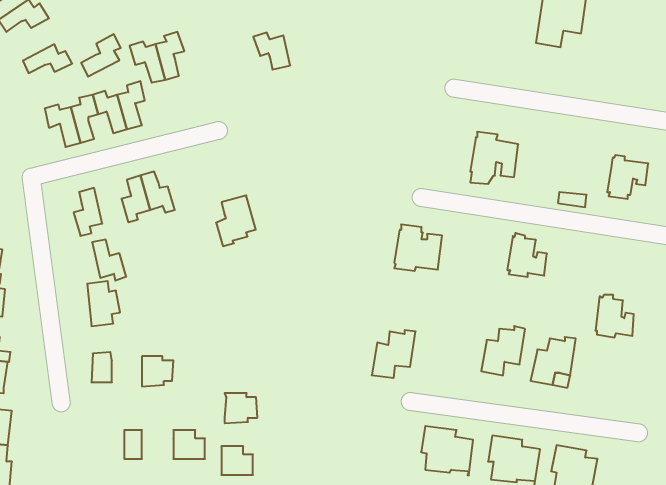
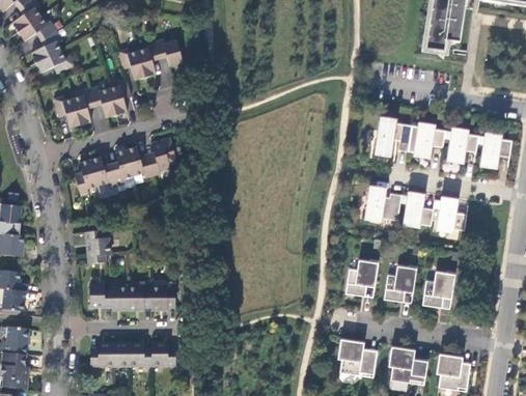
building: [253,33,290,70] -> [154,37,182,65]
building: [81,34,121,77] -> [31,30,61,62]
building: none -> [409,124,446,157]
building: none -> [447,130,479,162]
building: [216,195,256,246] -> [146,137,176,175]
building: [394,224,442,271] -> [365,186,402,221]
building: [92,240,126,281] -> [90,157,116,188]
building: [595,295,634,337] -> [437,199,466,231]
building: [372,330,416,378] -> [345,259,379,295]
building: none -> [104,286,127,309]
building: [225,393,257,423] -> [149,286,174,309]
building: none -> [89,342,113,365]
building: [221,446,253,475] -> [127,342,150,364]

